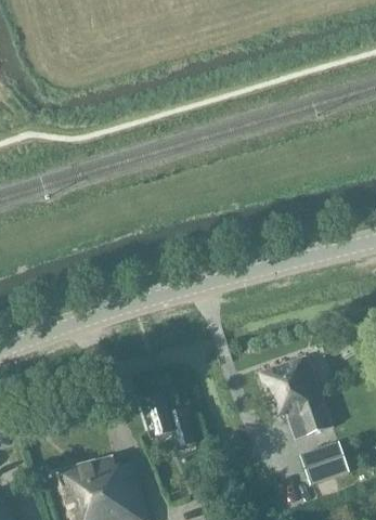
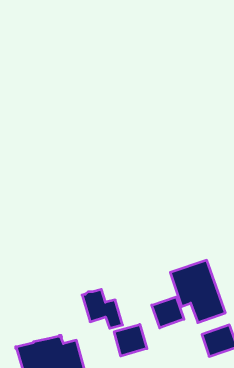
building: none -> [152,297,184,328]
building: none -> [114,324,147,356]

